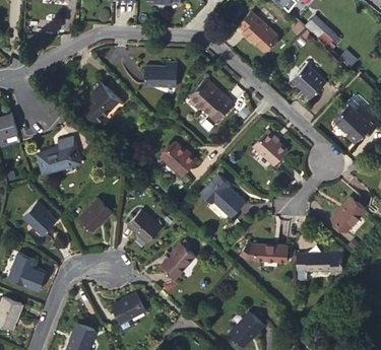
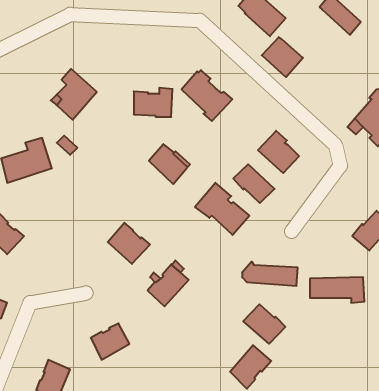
building: [143,64,176,88] -> [134,88,173,117]
building: [291,65,325,98] -> [262,37,303,77]
building: none -> [233,164,275,203]
building: [78,198,112,230] -> none
building: none -> [243,304,285,344]

